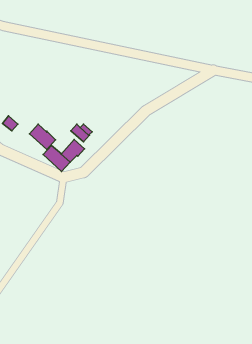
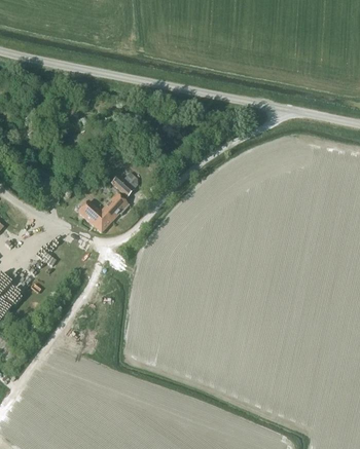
building: [29,124,56,150] -> none

